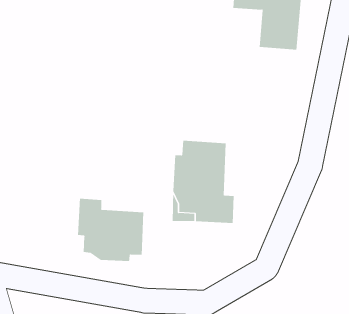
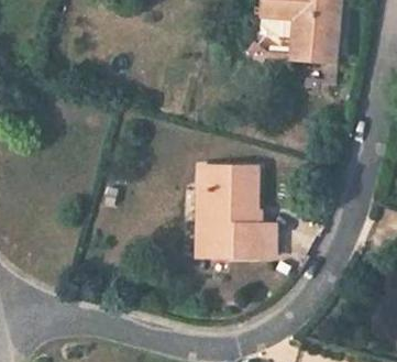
building: [78,198,144,262] -> none

